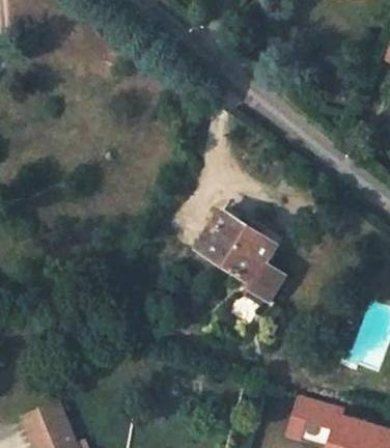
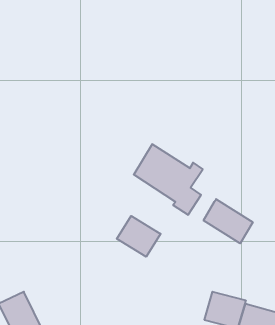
building: none -> [204,199,253,243]
building: none -> [117,216,161,257]

